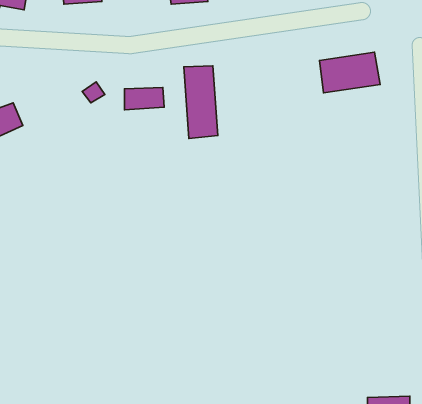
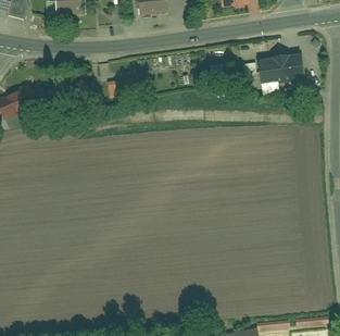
building: [184,66,218,138] -> none

